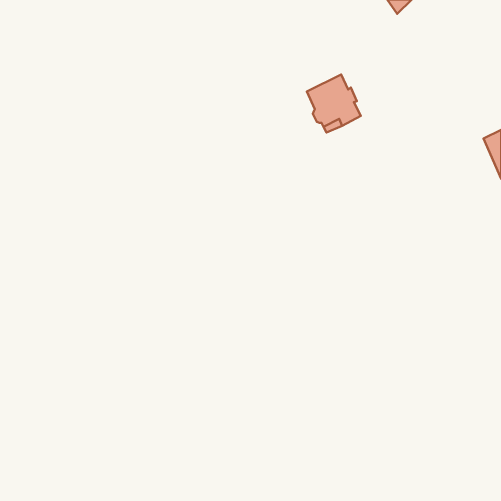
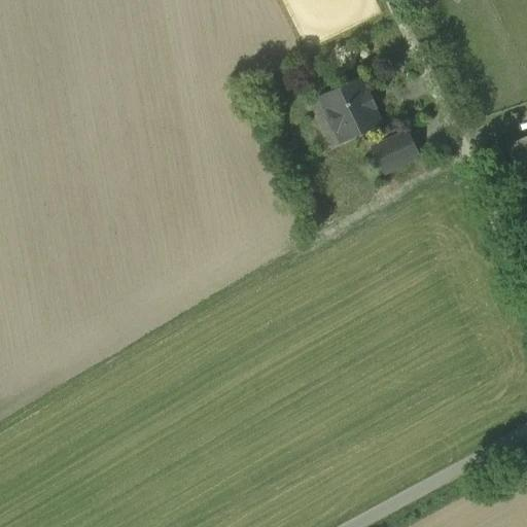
building: none -> [374,132,419,172]

